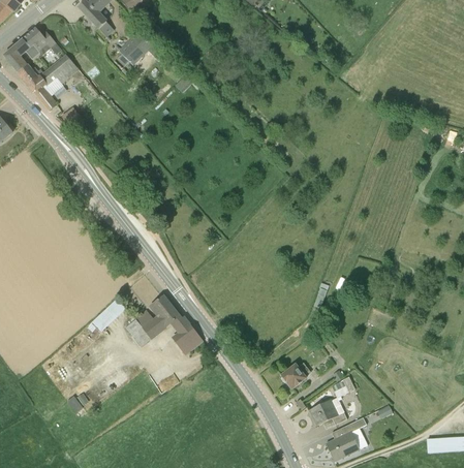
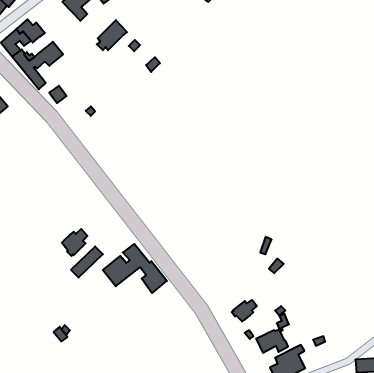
building: none -> [62,229,87,256]

